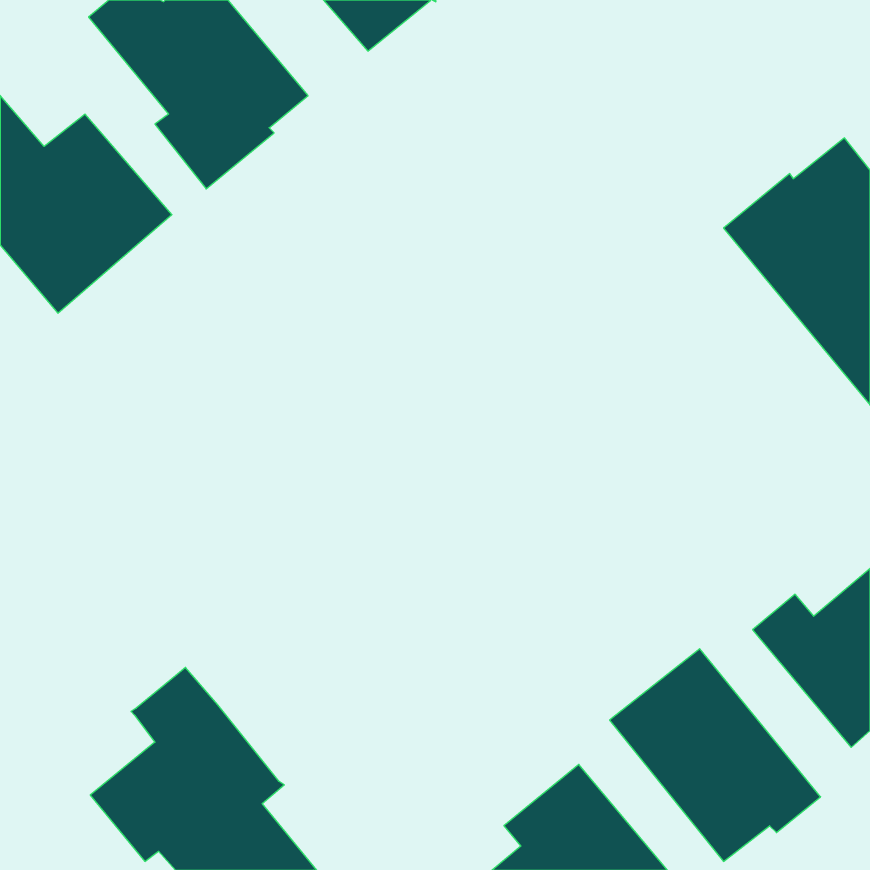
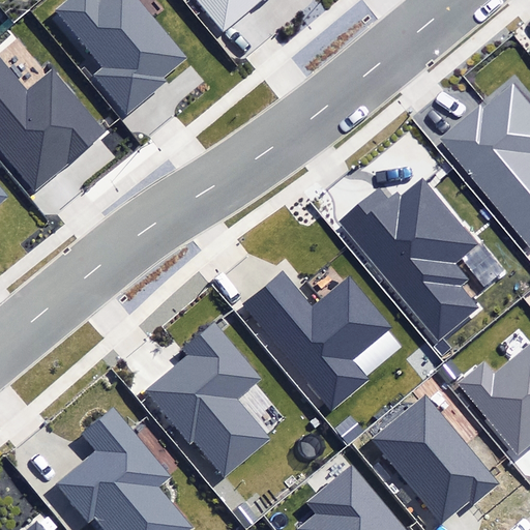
building: none -> [338,179,479,342]
building: none -> [244,272,393,410]
building: none -> [145,322,271,477]

